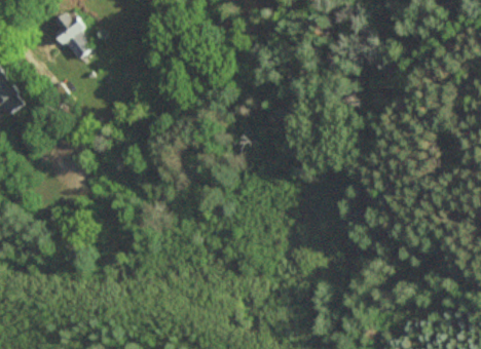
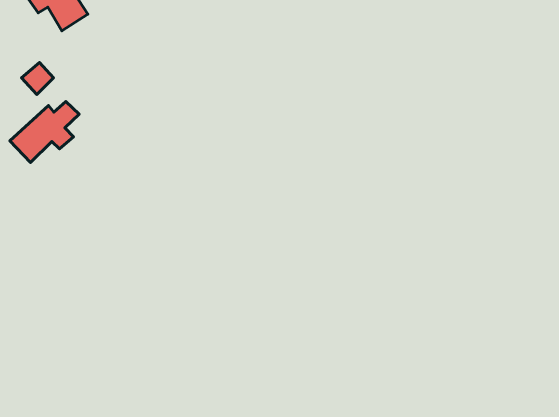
building: none -> [10,101,79,162]

